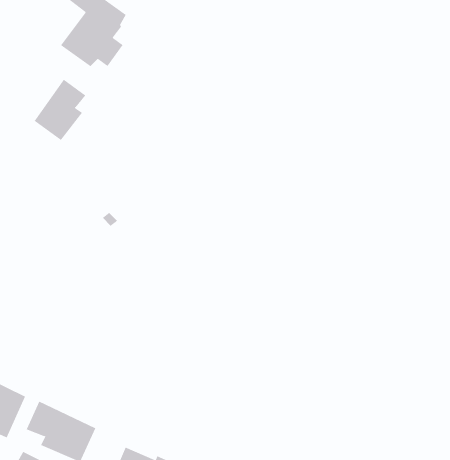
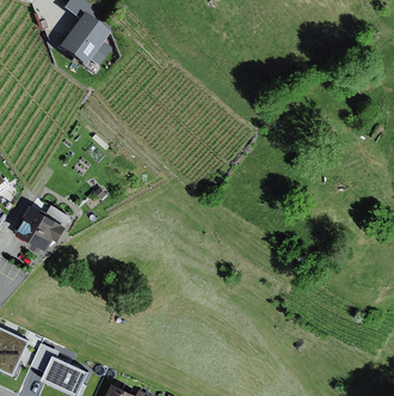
building: [34,79,86,141] -> none
building: none -> [13,197,69,250]

